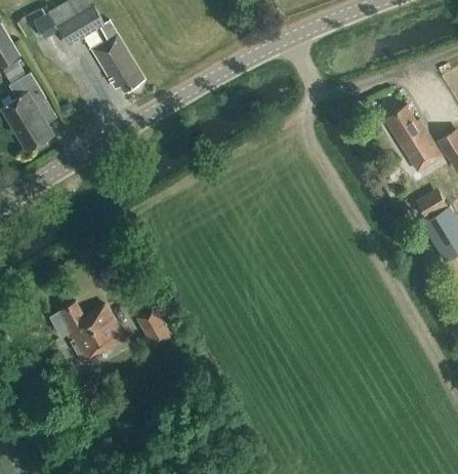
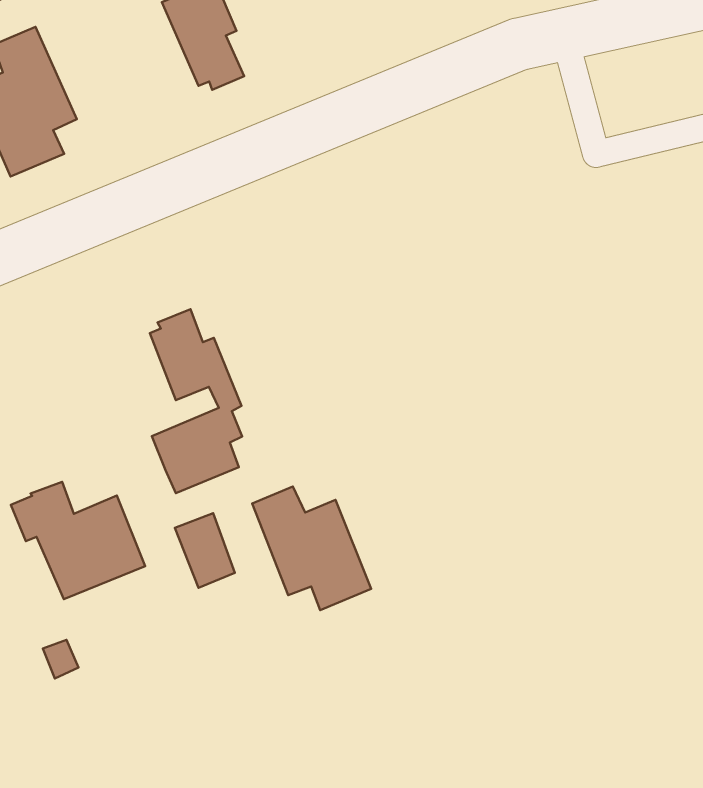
building: none -> [150,309,242,493]
building: none -> [252,487,371,610]

